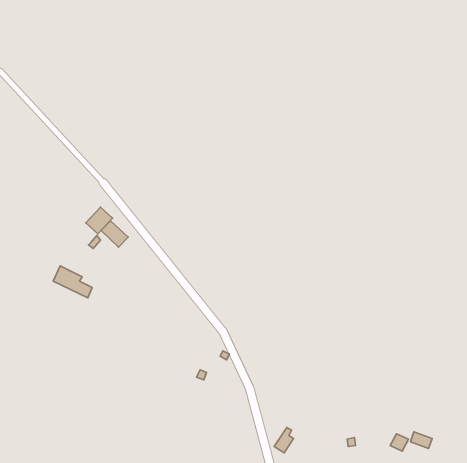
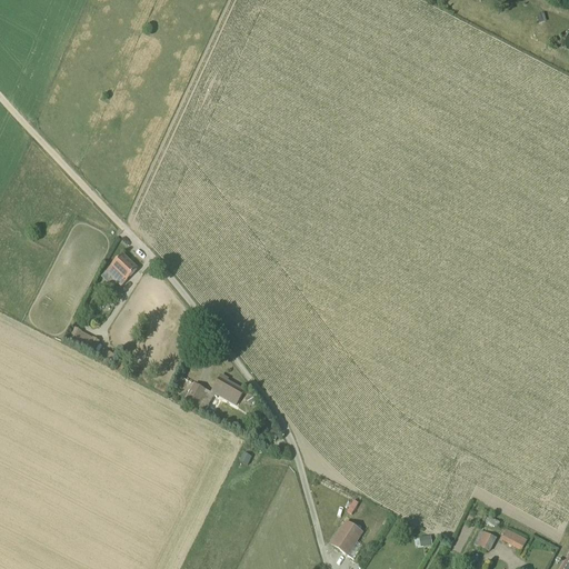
building: [101,221,128,247] -> none
building: none -> [184,373,243,410]

